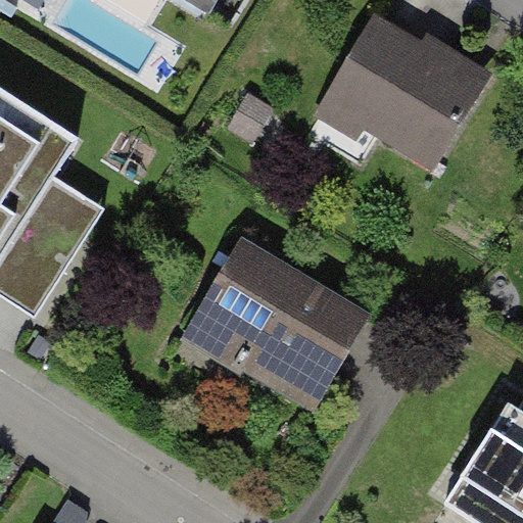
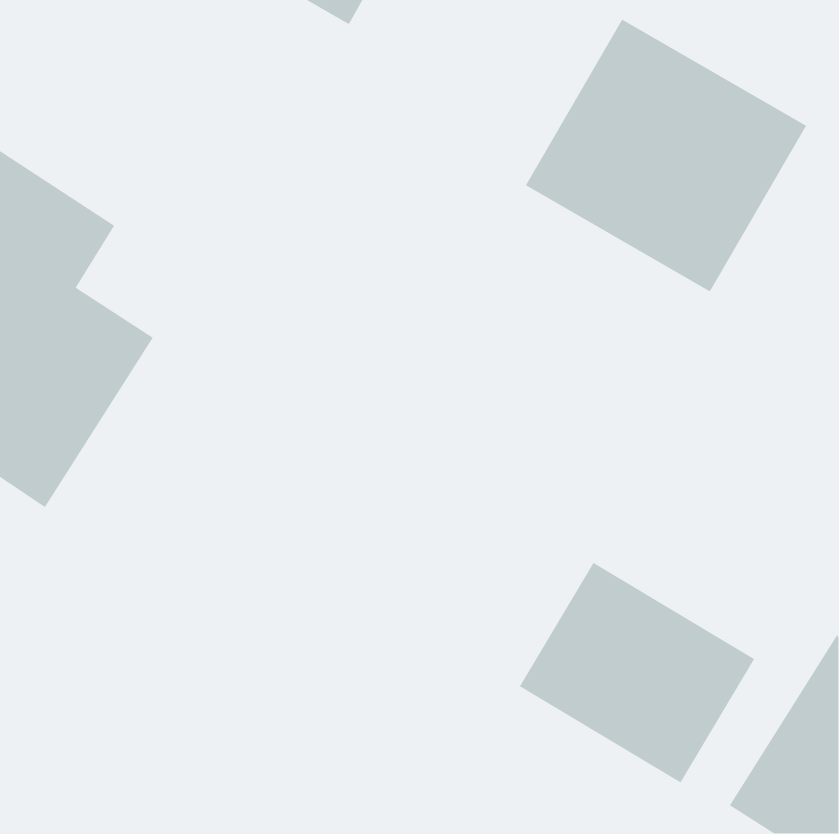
building: [185,235,375,415] -> none
building: none -> [519,562,755,784]

